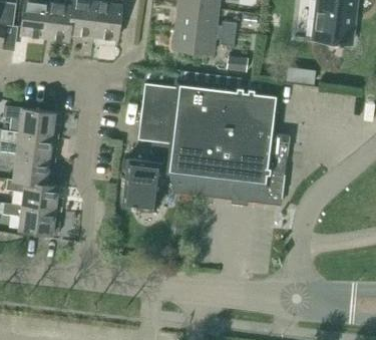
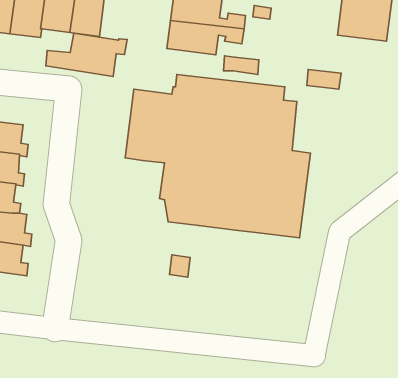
building: none -> [46,33,127,77]
building: [122,141,170,210] -> none

